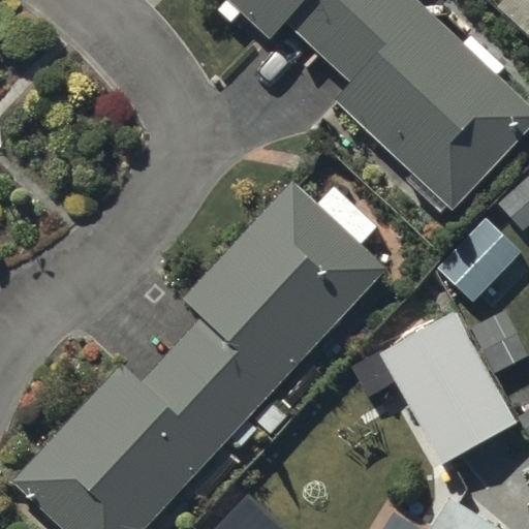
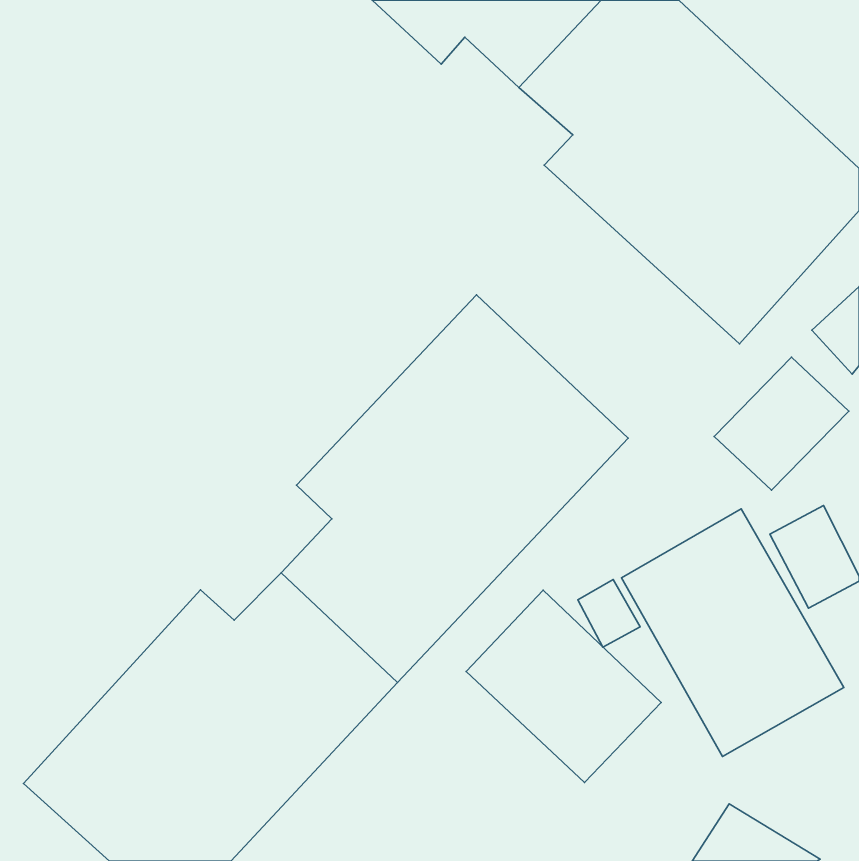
building: none -> [466,590,661,783]

